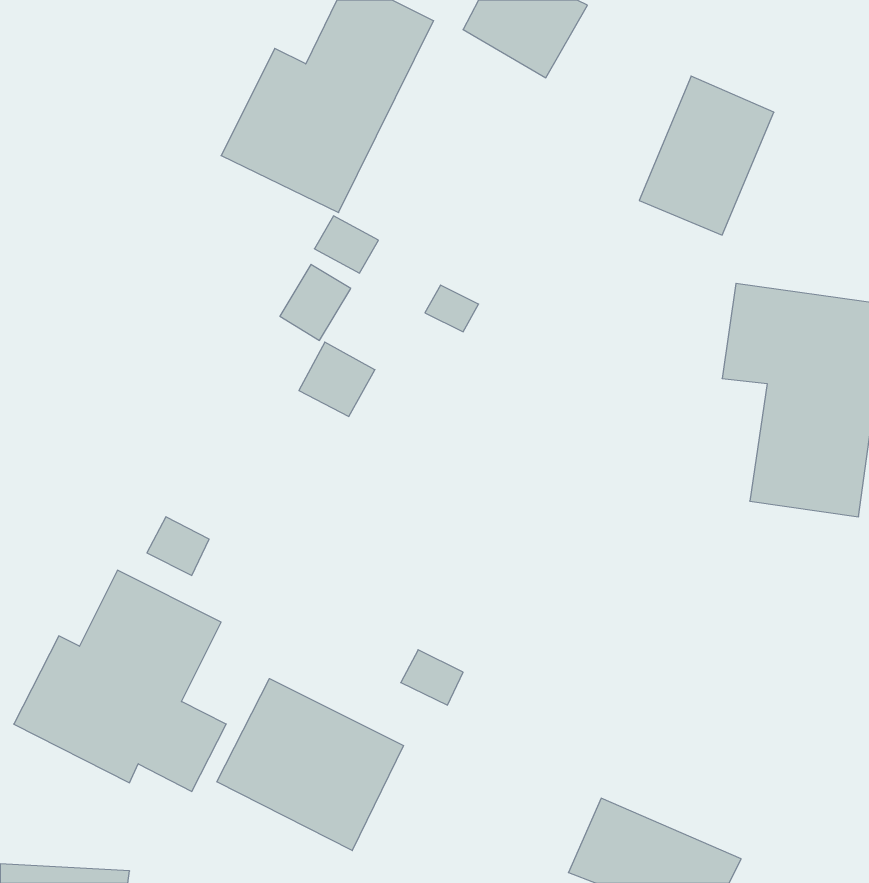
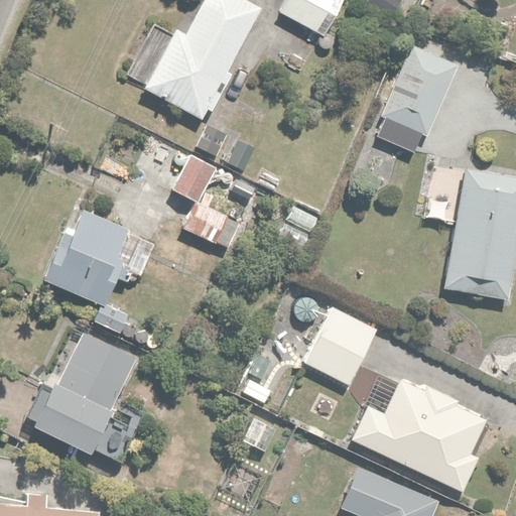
building: none -> [43,207,156,303]
building: none -> [303,306,379,387]
building: none -> [354,378,487,492]
building: [217,679,404,851] -> none

